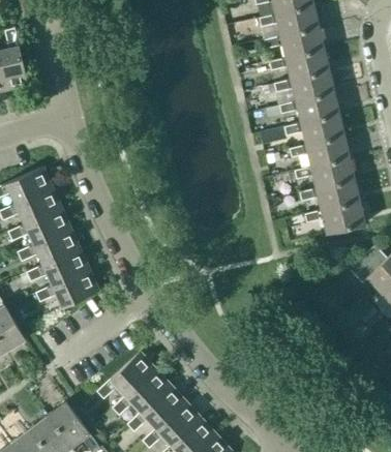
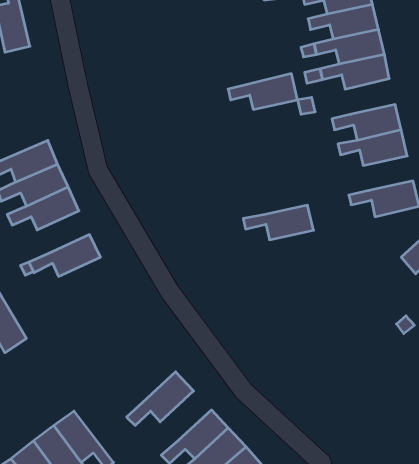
building: [284,113,344,144] -> [228,74,297,109]
building: [299,180,360,210] -> [243,205,314,240]
building: [18,228,80,265] -> none
building: [36,268,99,306] -> none
building: [96,352,154,397] -> none
building: [127,384,185,430] -> none

